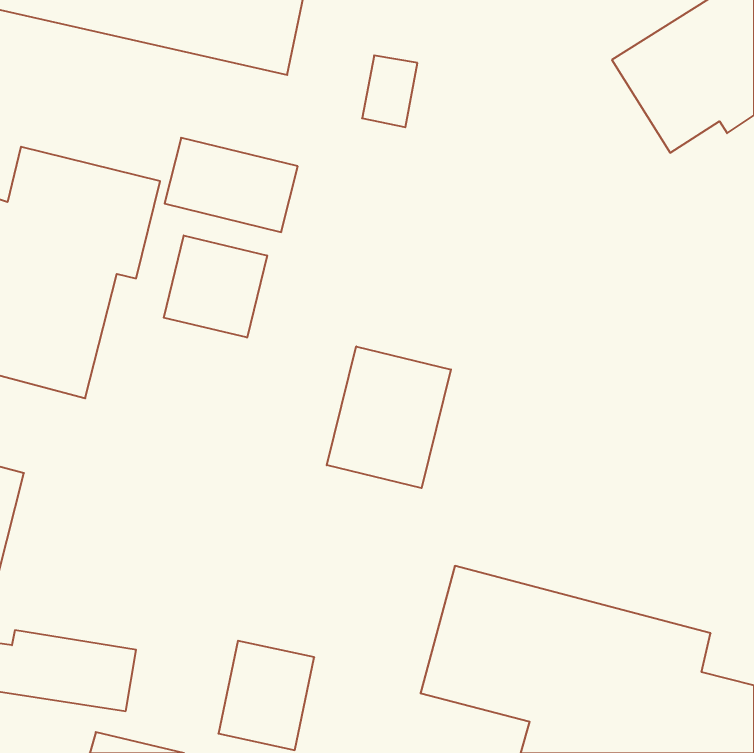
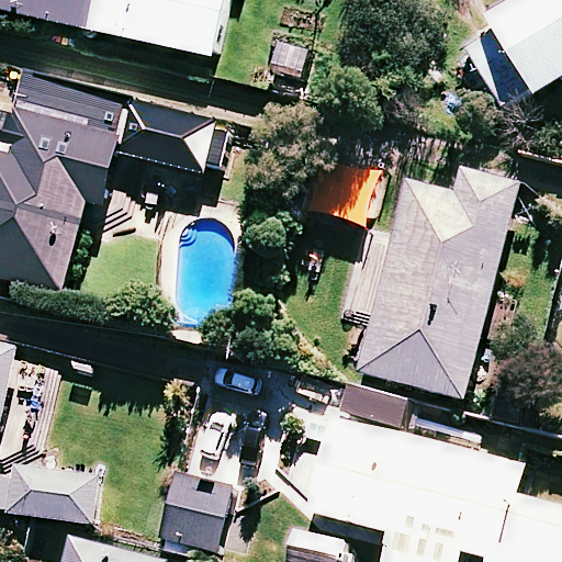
building: none -> [358,170,517,397]
building: [164,235,267,338] -> none
building: [327,346,451,488] -> none

